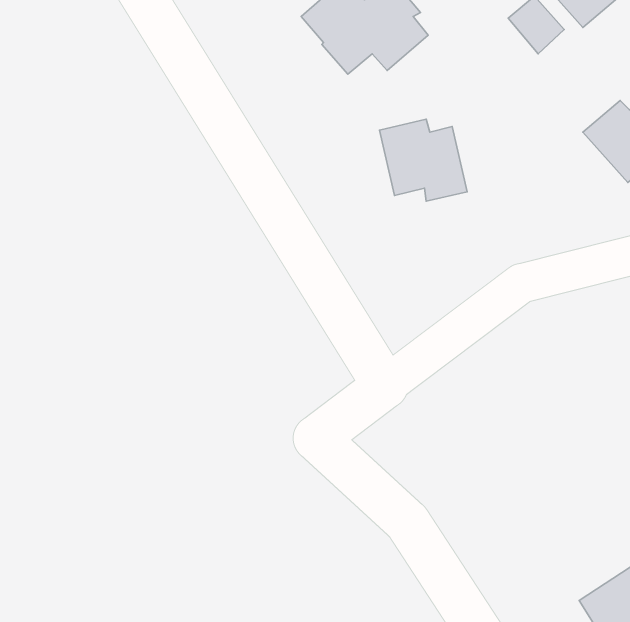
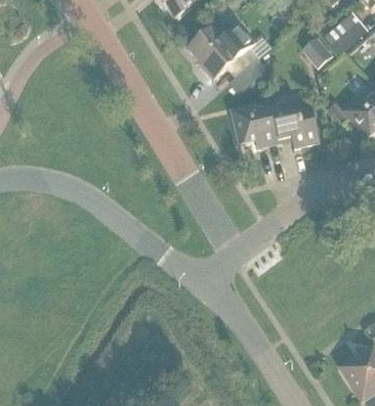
building: none -> [272,100,321,146]

